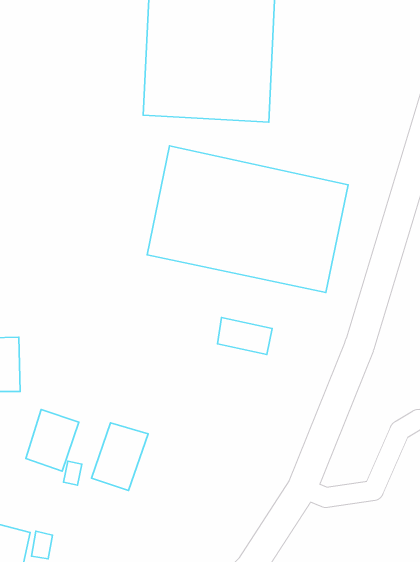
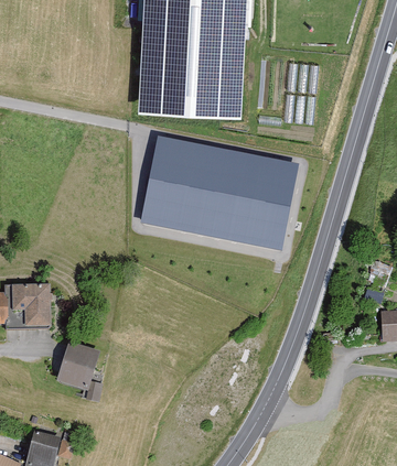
building: [218,318,272,354] -> none
building: [91,423,148,491] -> none

